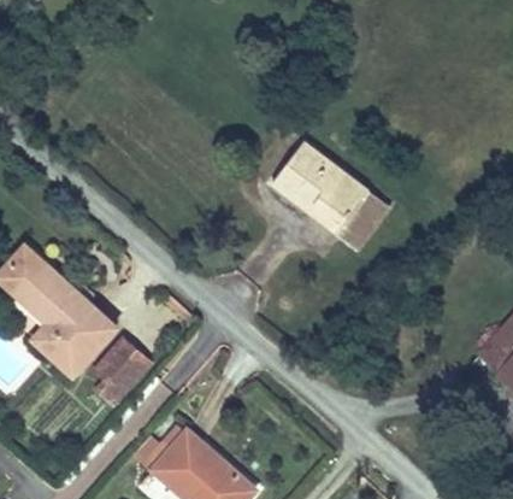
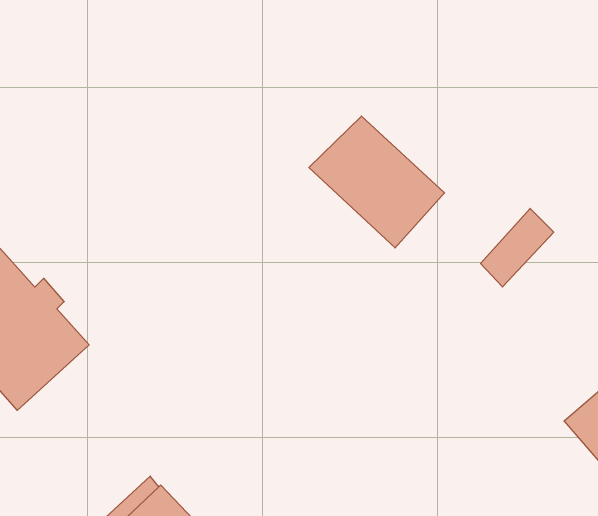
building: [340,189,391,250] -> [481,208,554,287]
building: [82,336,153,409] -> none

